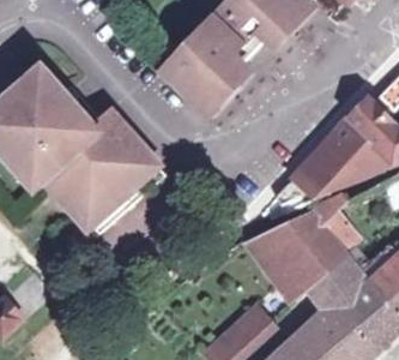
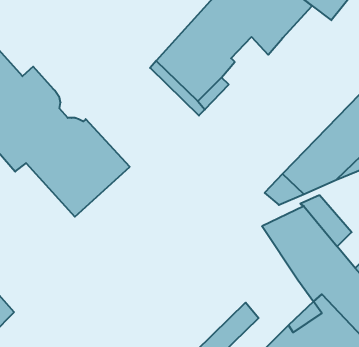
building: [62,85,167,236] -> none
building: [248,230,308,298] -> none

